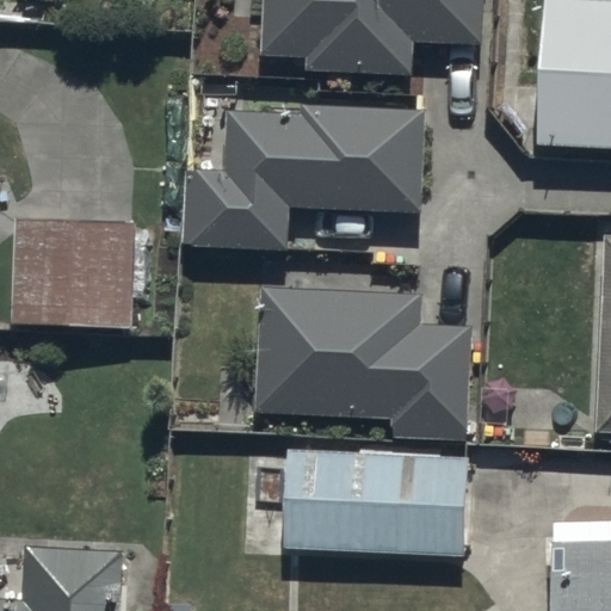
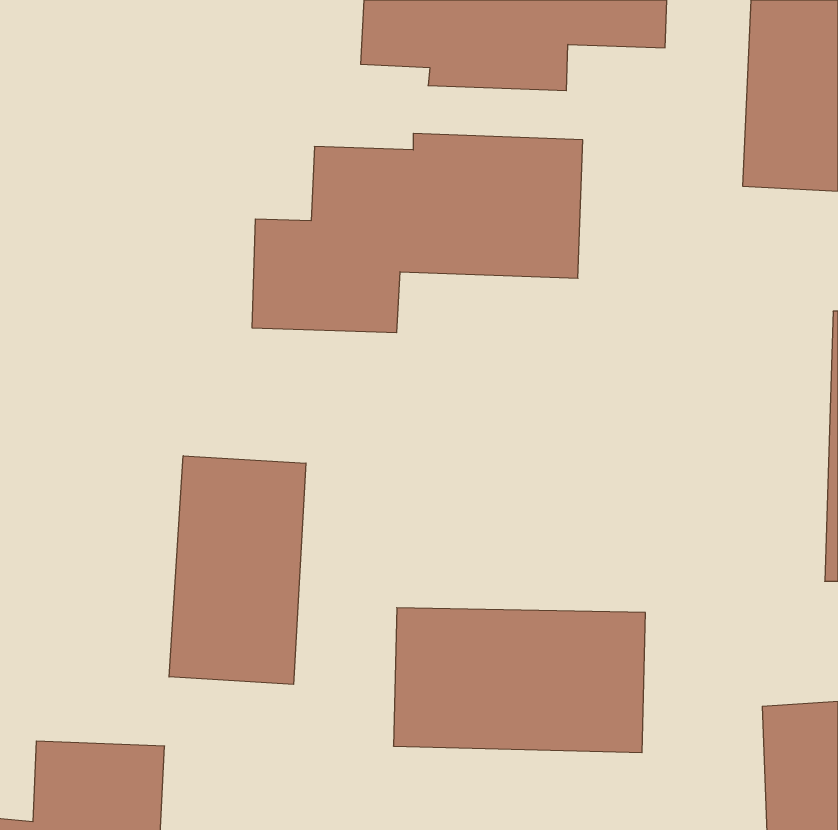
building: [16,220,136,323] -> none
building: [253,285,473,438] -> none
building: none -> [169,456,306,684]

